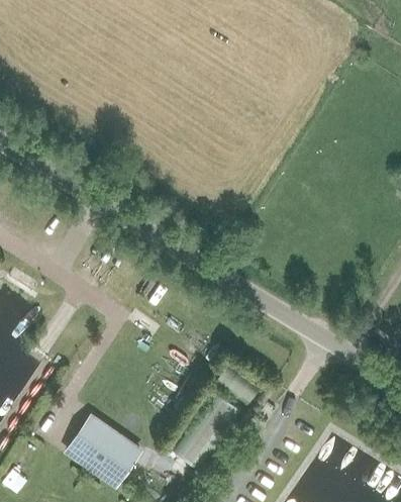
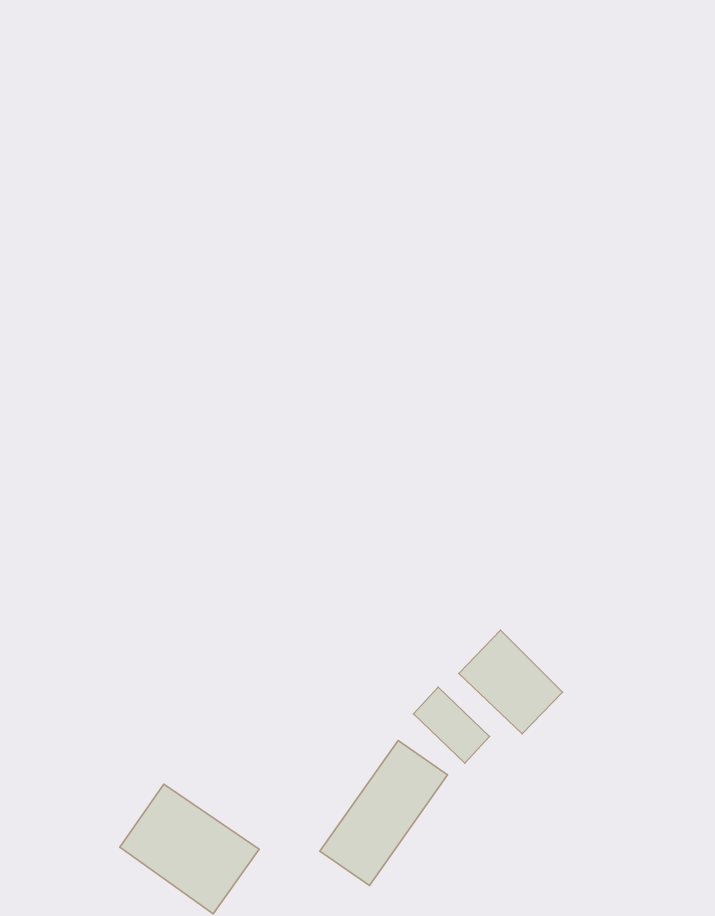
building: none -> [459,630,563,734]

